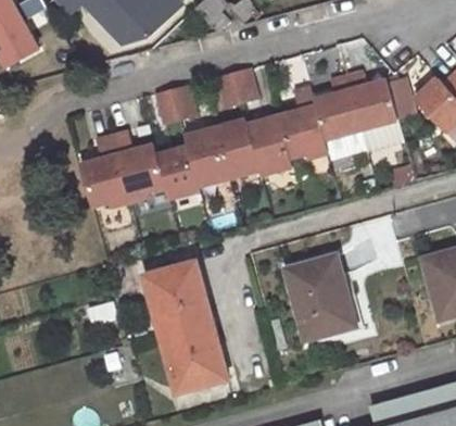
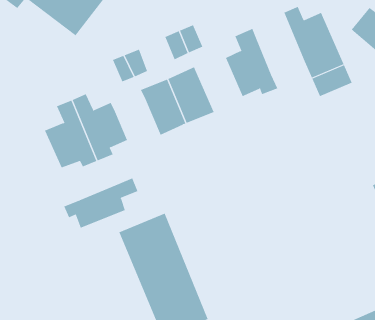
building: [322,68,368,133] -> none
building: [253,108,300,167] -> none
building: [162,139,205,191] -> none
building: none -> [63,178,138,229]
building: [279,255,351,342] -> none

